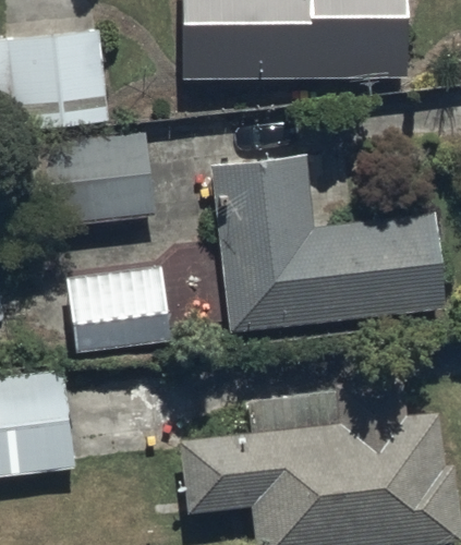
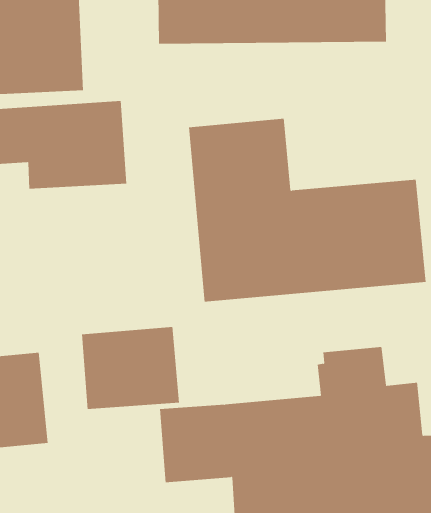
building: [71,269,168,351] -> [81,326,180,410]

